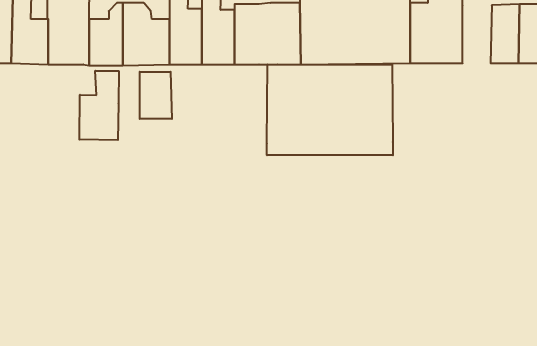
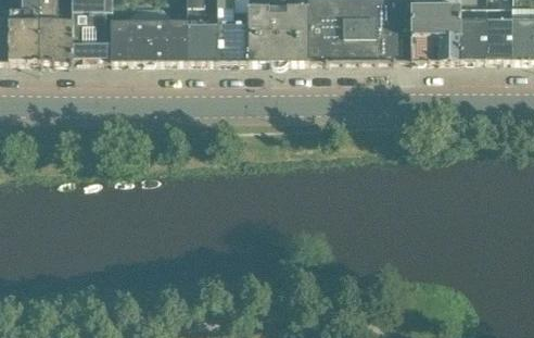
building: none -> [460,7,487,61]
building: [267,64,393,155] -> none
building: [79,71,119,140] -> none
building: [140,72,172,119] -> none

